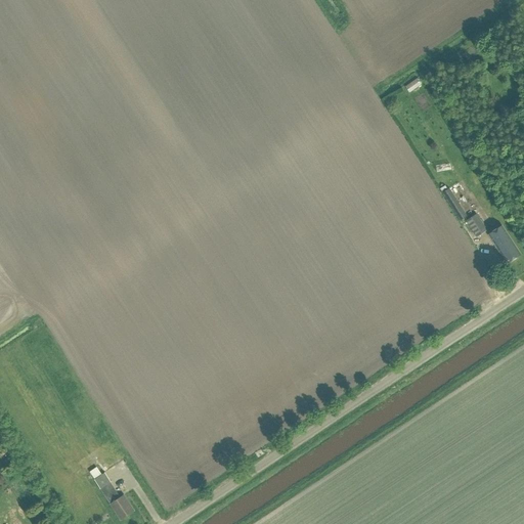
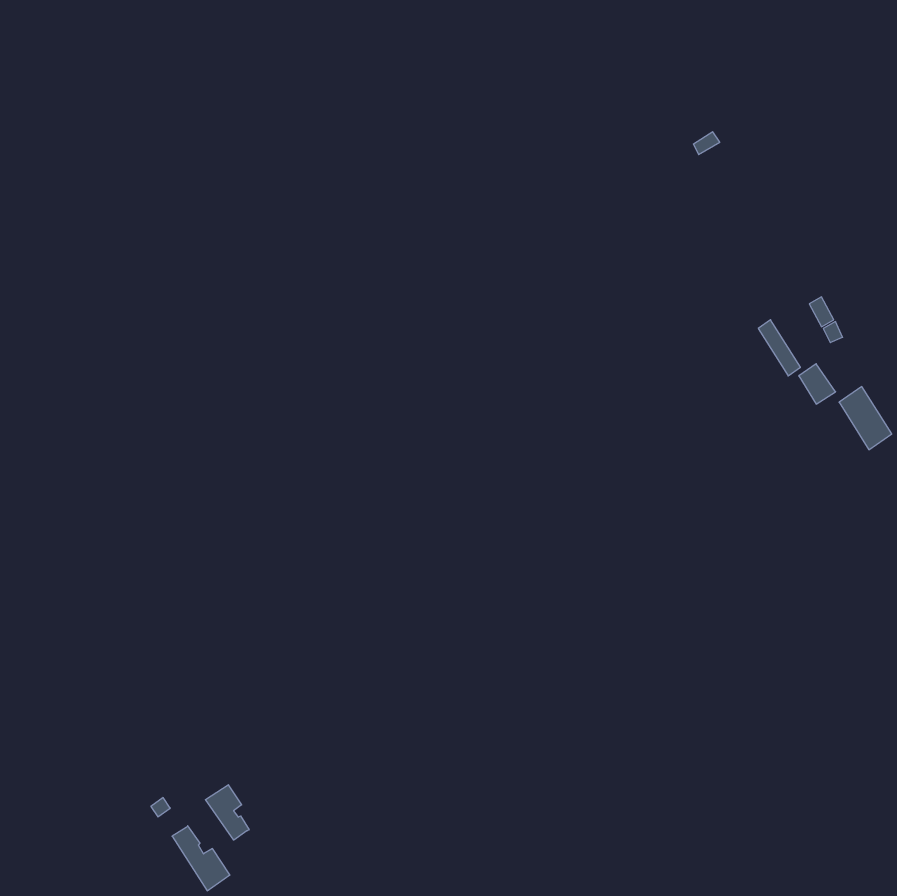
building: none -> [205,785,249,840]

